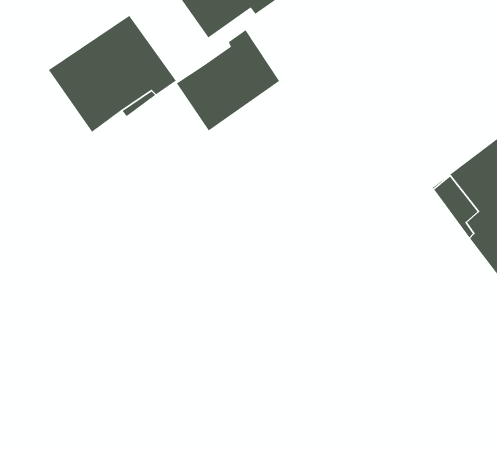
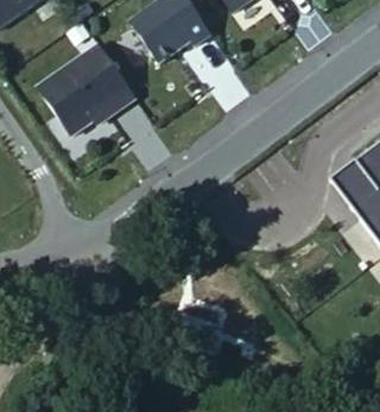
building: [176,29,280,132] -> none

